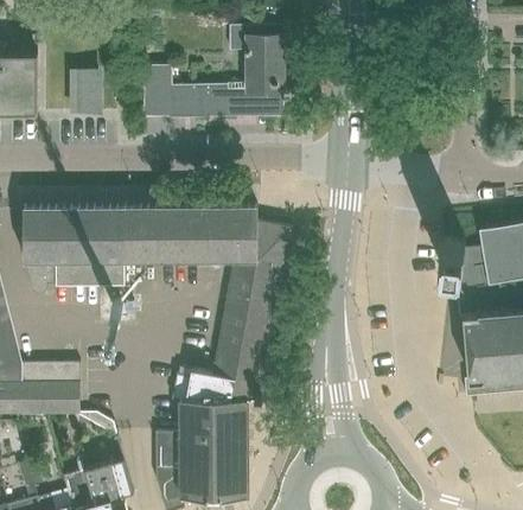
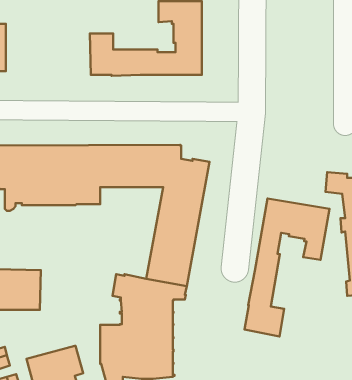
building: [72,70,97,113] -> none
building: none -> [245,198,330,337]

